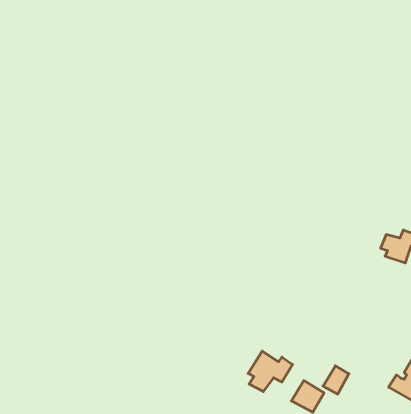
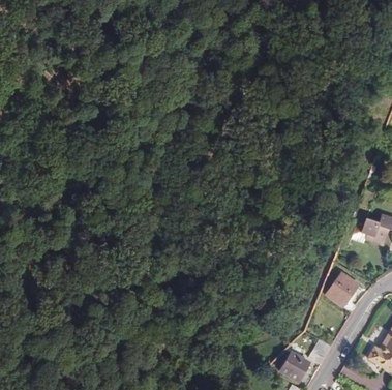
building: none -> [326,271,358,312]
building: [248,351,293,392] -> none

